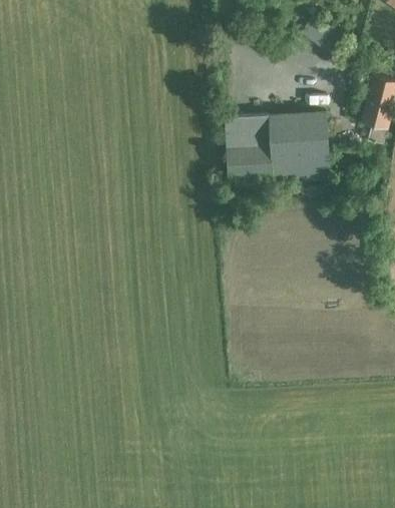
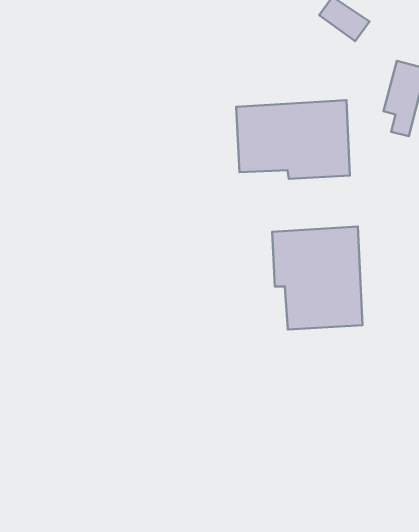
building: none -> [272,227,362,329]

